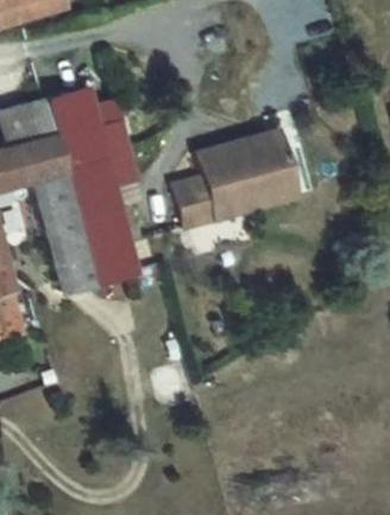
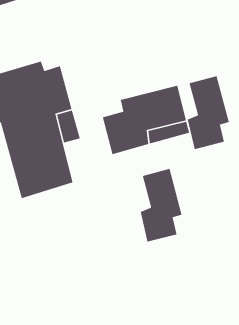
building: none -> [187,75,230,150]
building: none -> [140,168,182,243]

